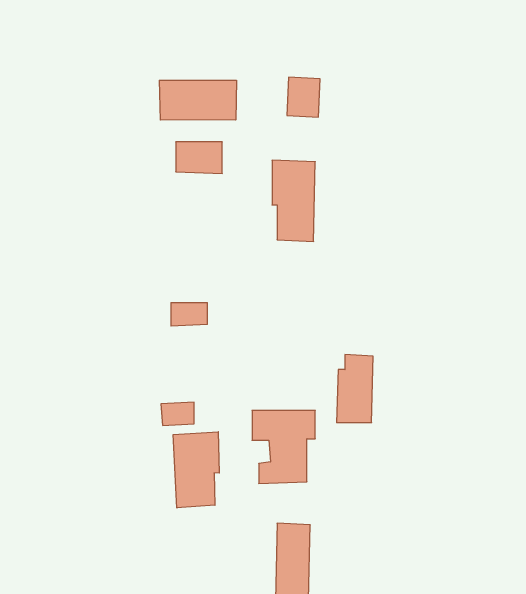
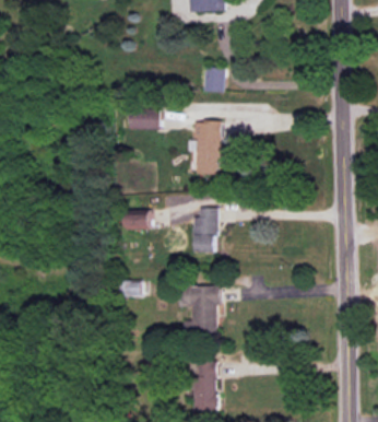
building: [159,80,236,120] -> none
building: [337,355,373,423] -> [192,207,216,251]
building: [173,432,219,508] -> none

